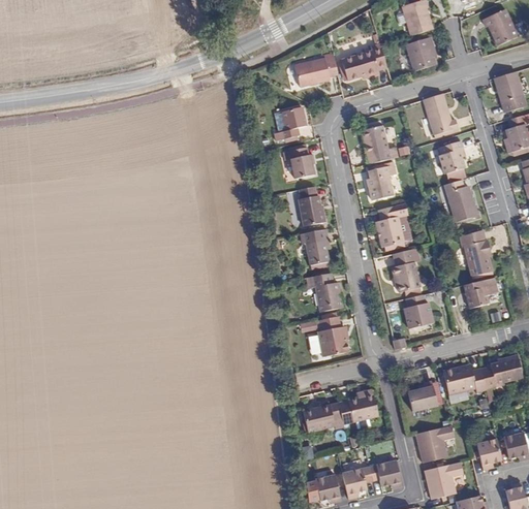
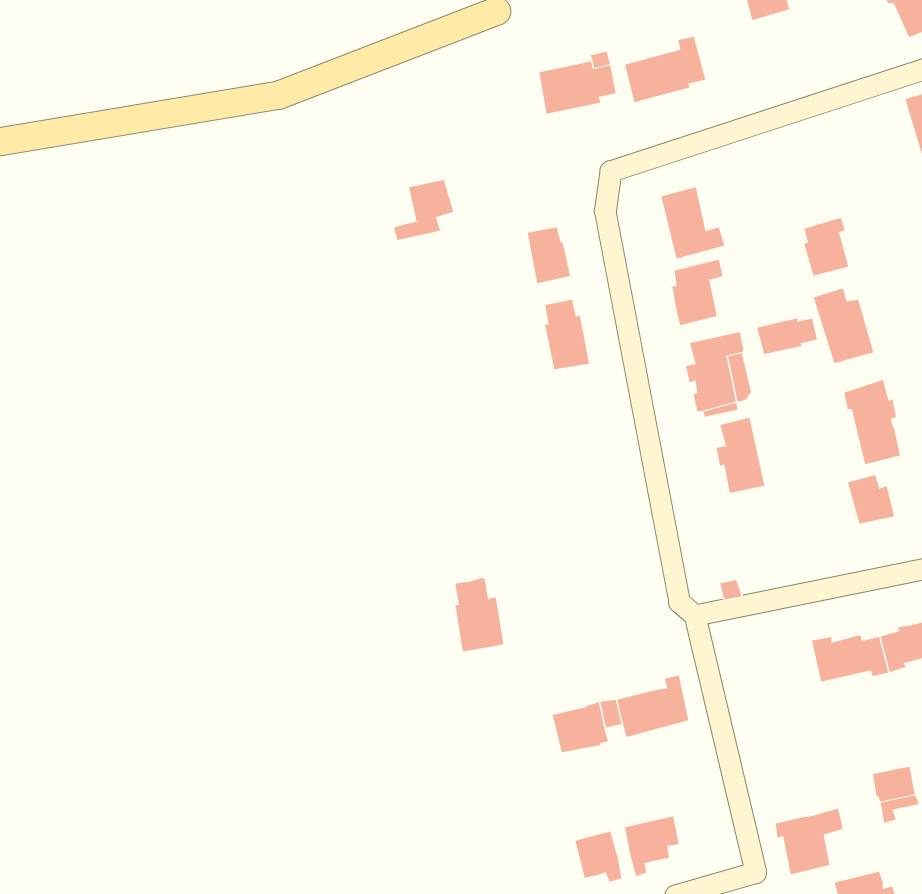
building: [406,37,435,70] -> none
building: [423,93,458,136] -> none
building: [274,107,307,140] -> [393,179,454,240]
building: none -> [756,318,817,355]
building: [301,229,329,263] -> none
building: [307,273,340,311] -> none
building: [404,294,433,328] -> none
building: [321,316,348,356] -> [454,578,504,652]
building: [408,381,437,411] -> none
building: [415,425,453,463] -> none
building: [369,459,402,487] -> none

